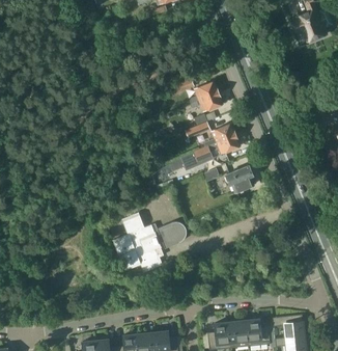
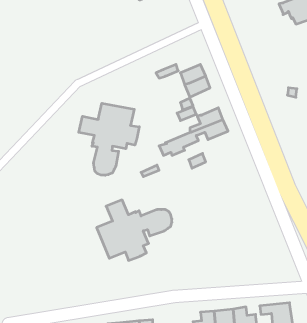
building: none -> [79,103,139,175]
building: [226,165,253,192] -> none

